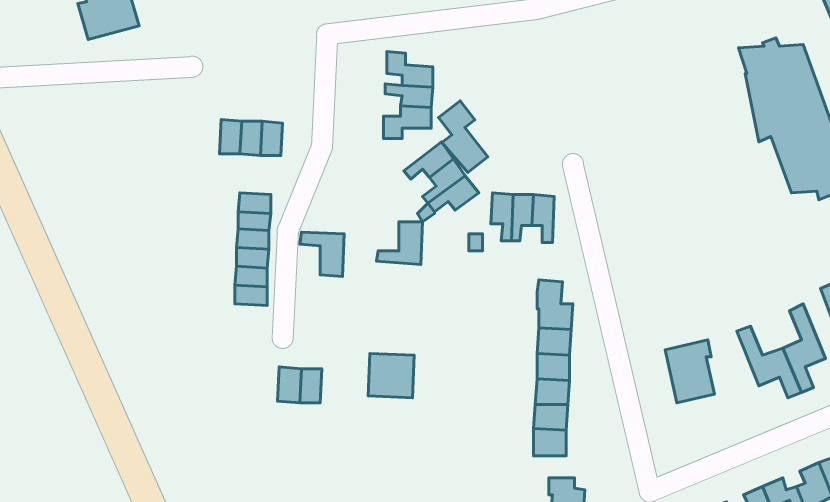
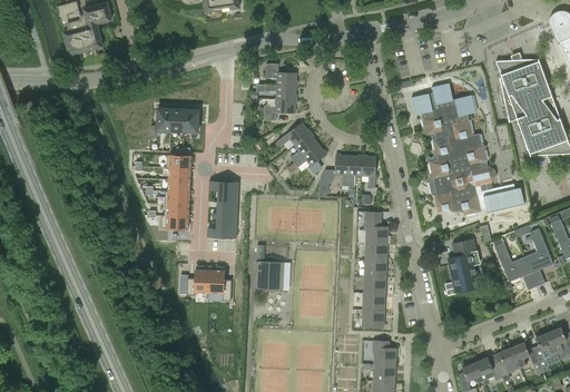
building: none -> [411,82,524,214]
building: [439,101,488,172] -> none
building: [377,222,423,265] -> [207,209,237,237]

